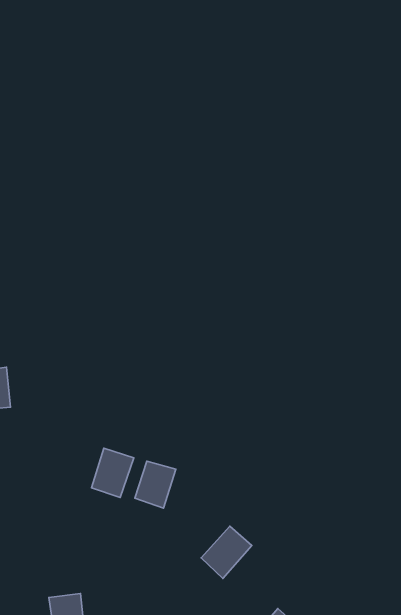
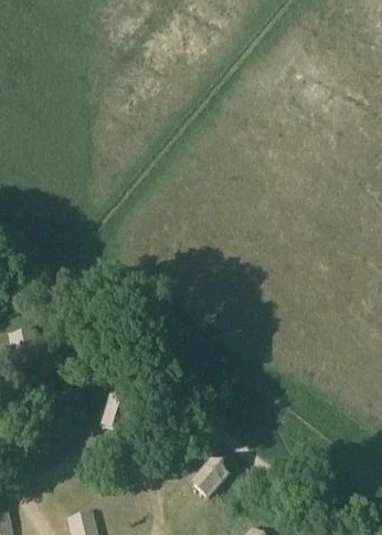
building: [135,461,176,508] -> none

